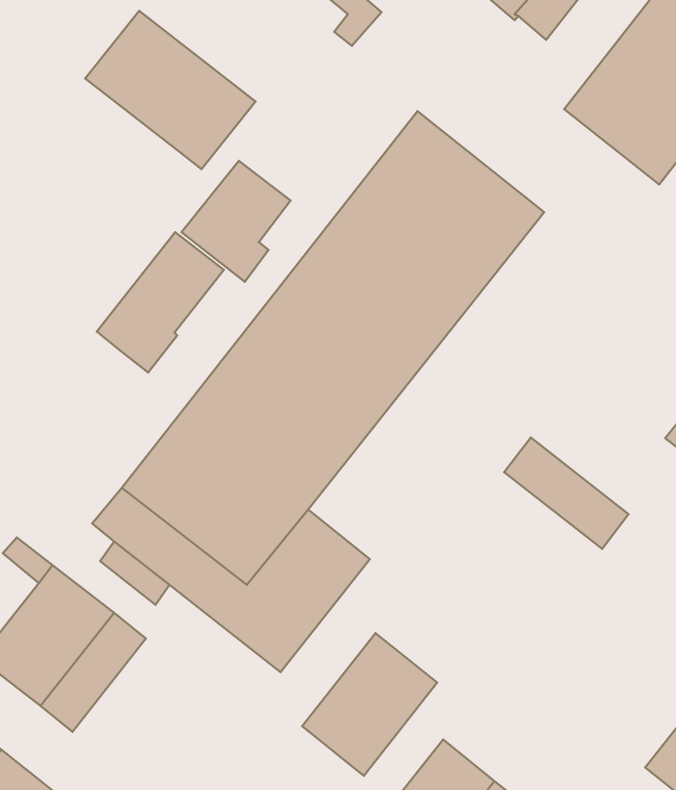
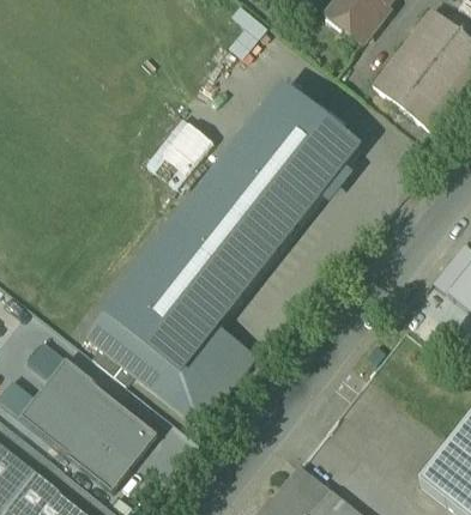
building: [85,11,255,169] -> none
building: [97,232,224,372] -> none
building: [504,437,628,549] -> none
building: [302,633,437,776] -> [76,404,157,490]

